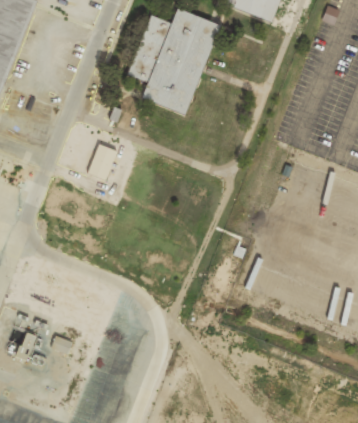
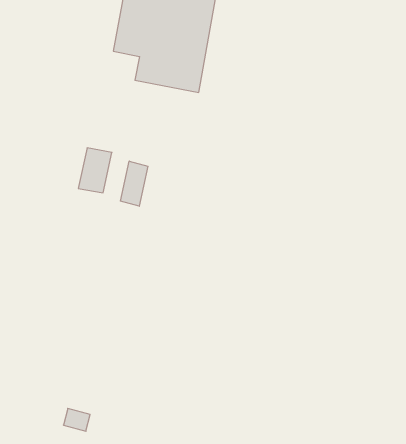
building: none -> [120,161,148,206]

